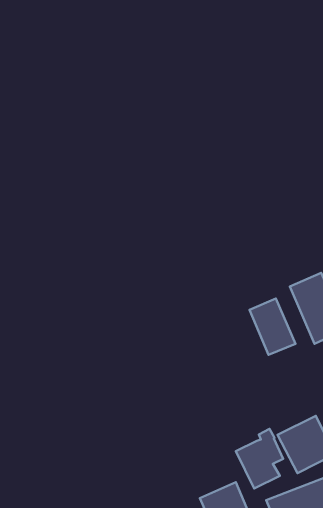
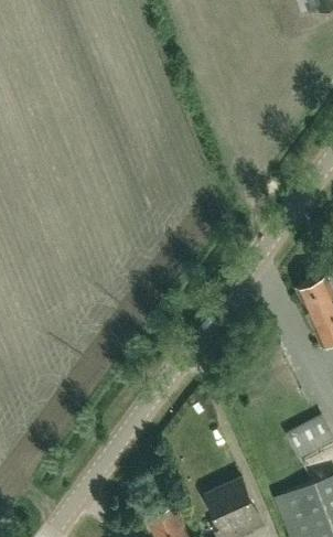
building: [250,298,296,355] -> none
building: [236,429,283,489] -> none

